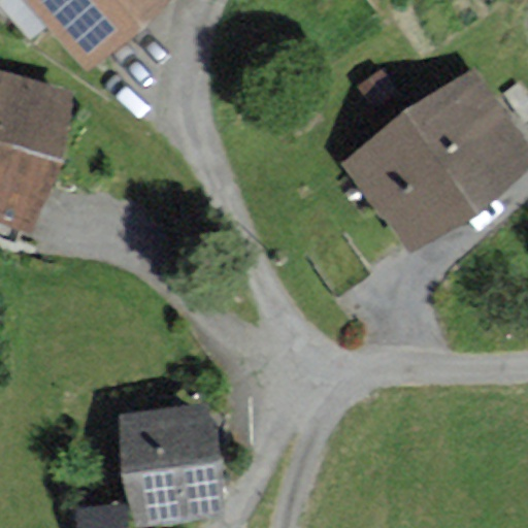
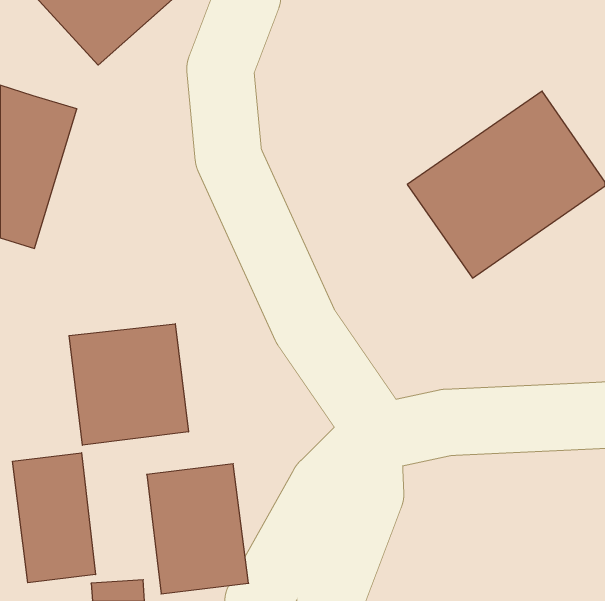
building: none -> [69,324,188,445]
building: none -> [13,453,96,583]

